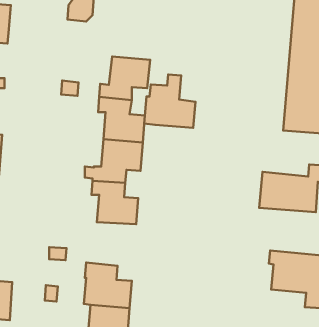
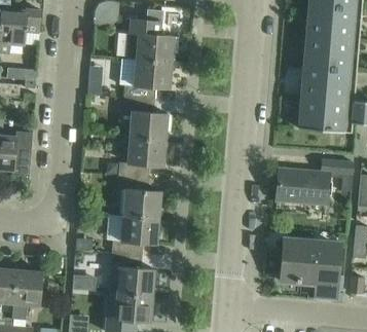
building: [144,75,195,128] -> [125,11,174,62]
building: none -> [111,215,158,256]

